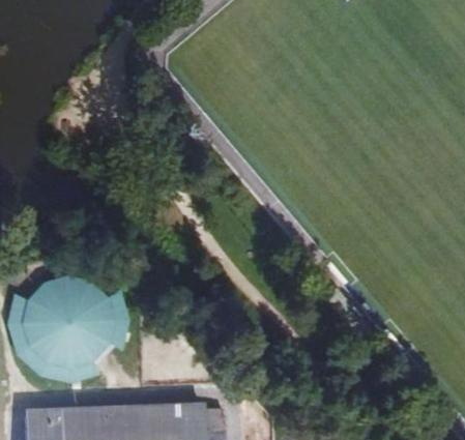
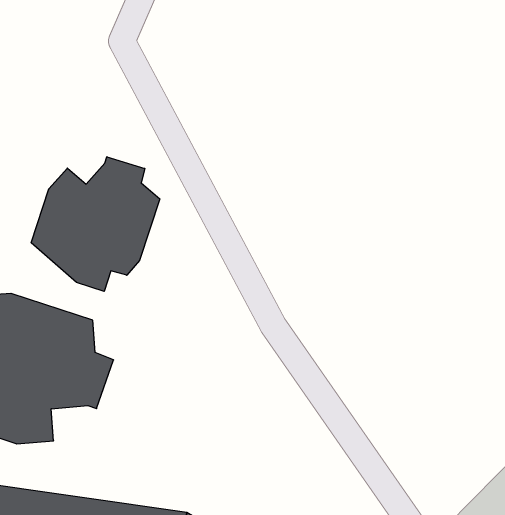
building: none -> [31,157,160,291]

